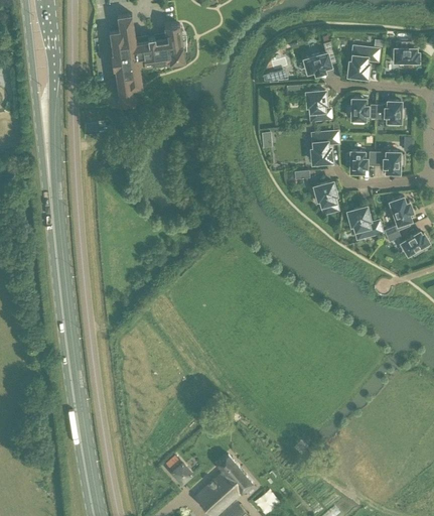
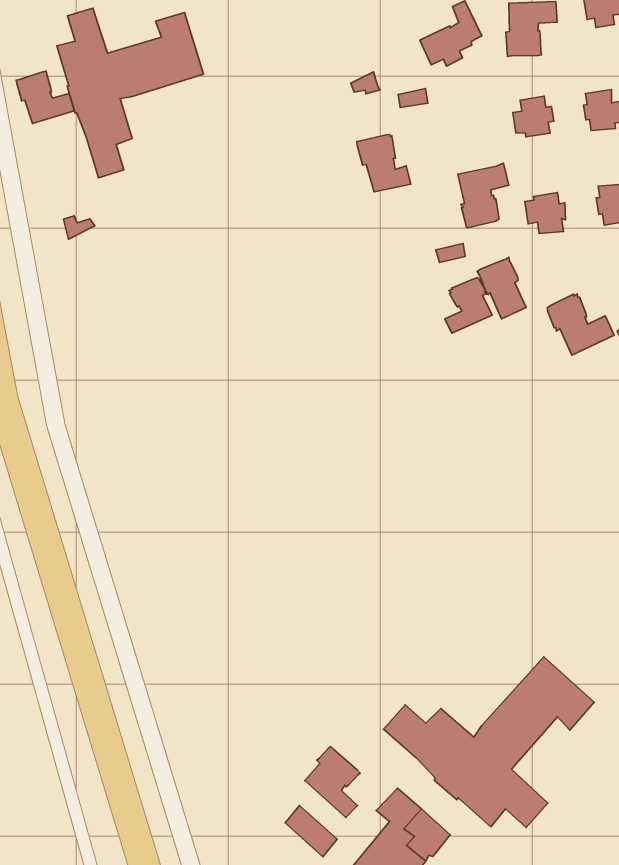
building: none -> [16,71,74,124]
building: [305,92,330,121] -> [357,134,411,192]
building: none -> [445,278,492,333]
building: none -> [383,657,594,827]
building: none -> [305,746,360,817]

